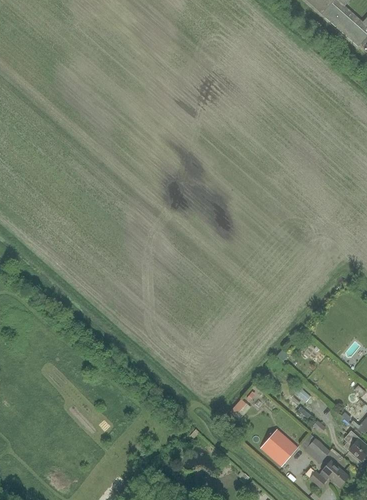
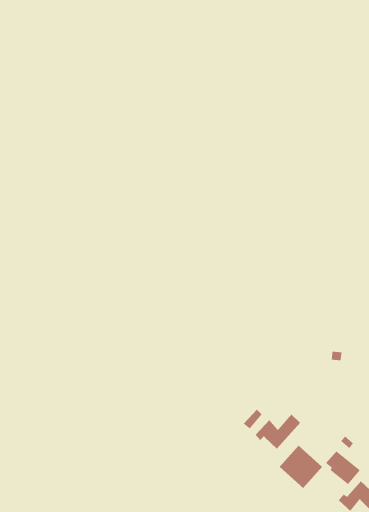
building: none -> [255,414,301,449]

